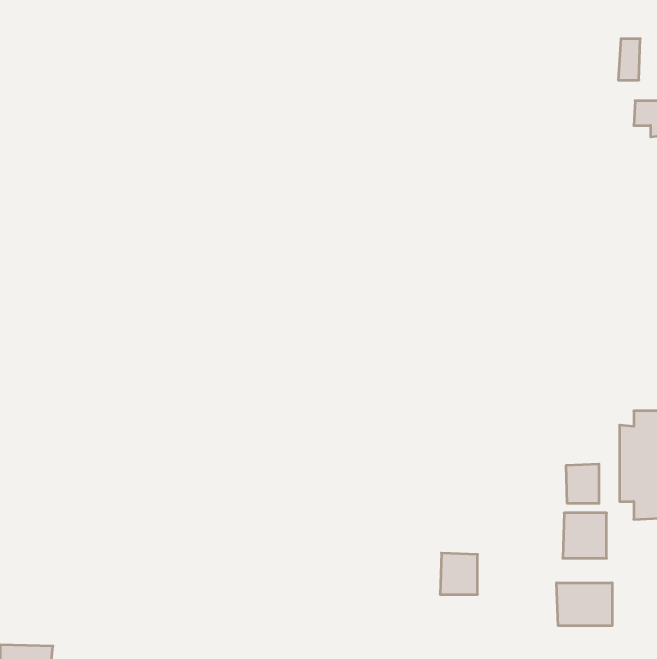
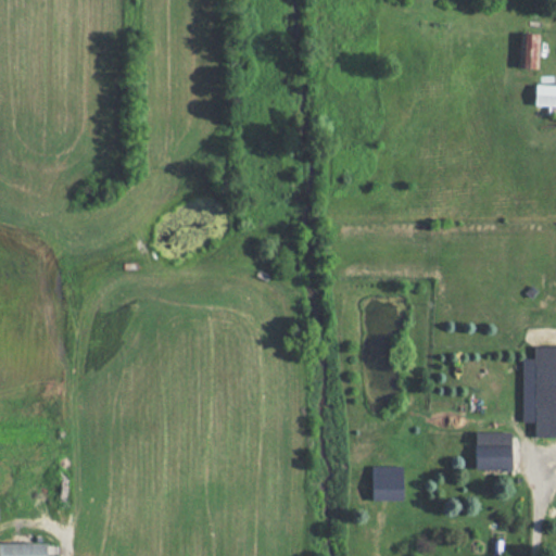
building: [566,464,599,503] -> none
building: [557,583,612,626] -> none

